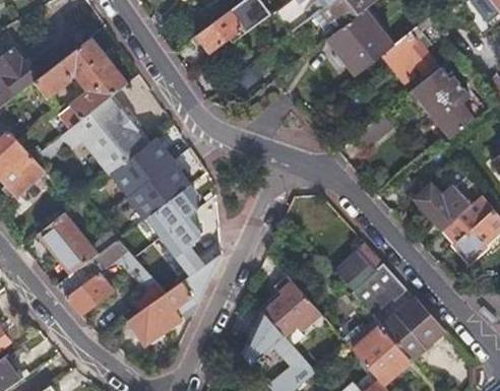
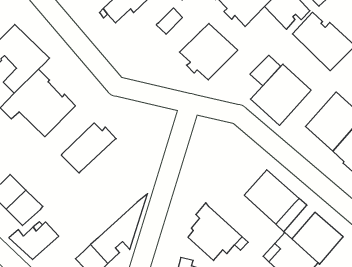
building: none -> [179,23,238,80]
building: none -> [250,64,311,125]
building: [111,138,171,197] -> none
building: [147,187,201,258] -> none
building: [96,241,166,312] -> none

